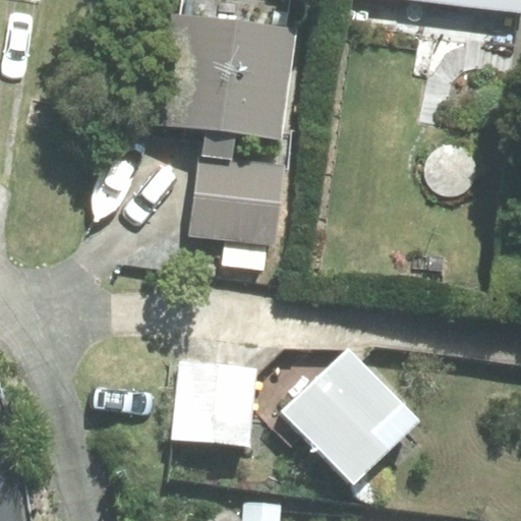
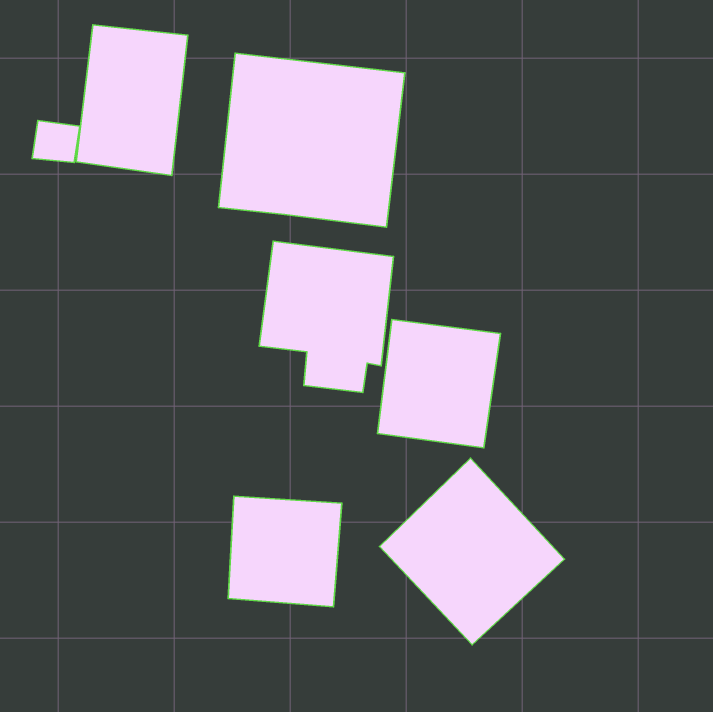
building: none -> [76,25,188,176]
building: none -> [377,320,500,448]

